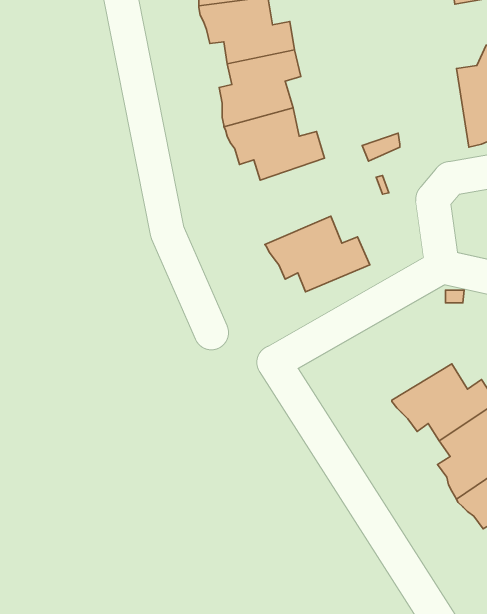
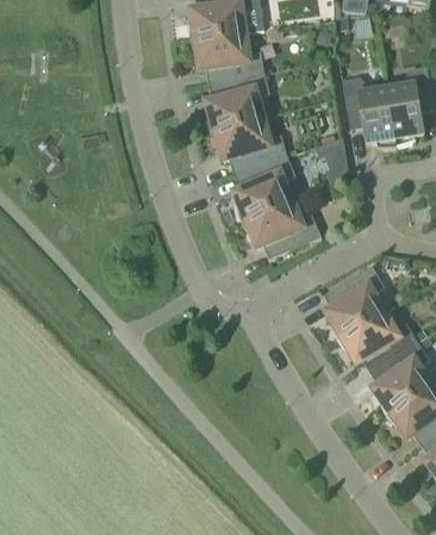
building: none -> [341,77,395,148]
building: none -> [232,155,294,220]
building: none -> [325,266,382,338]

